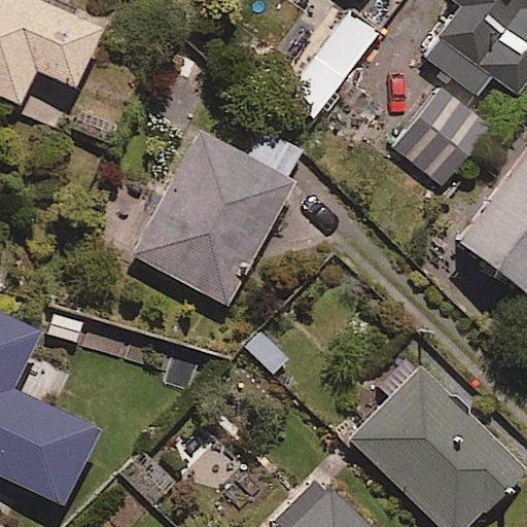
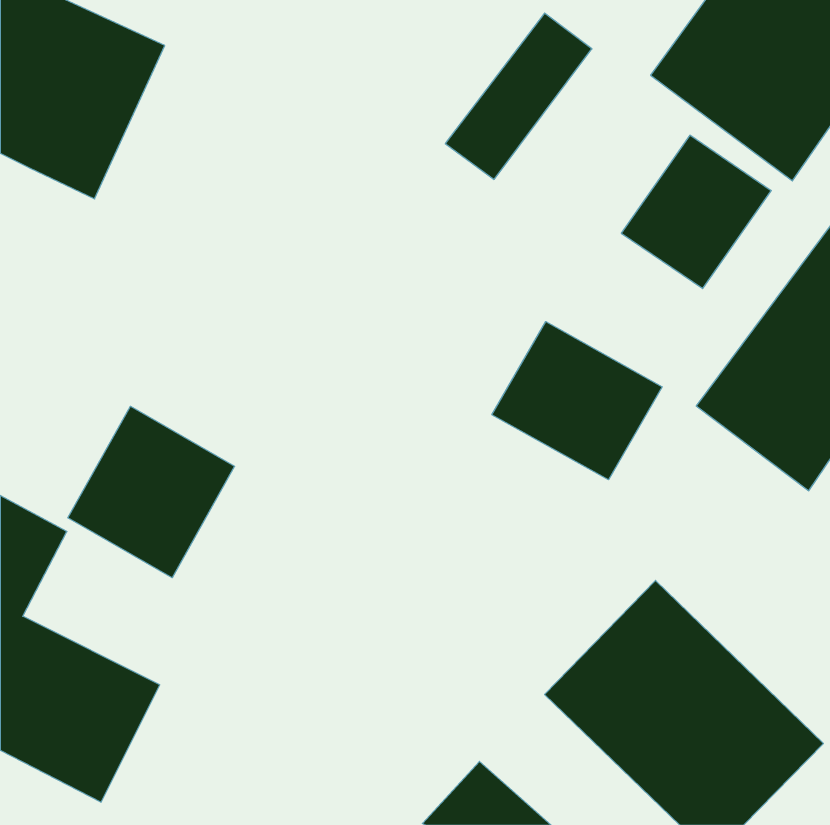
building: [137,132,298,305] -> none
building: none -> [492,322,662,480]
building: none -> [68,406,235,578]

